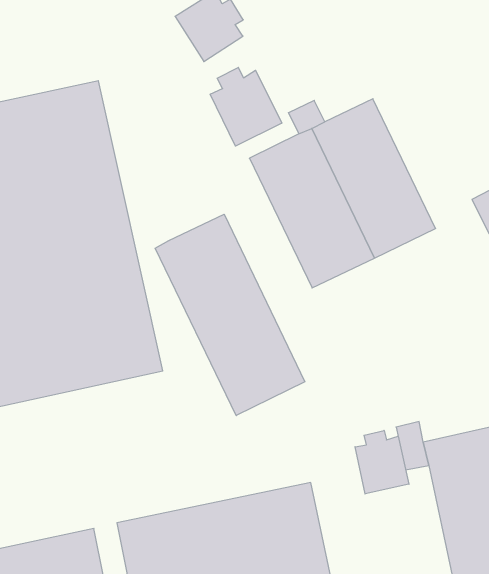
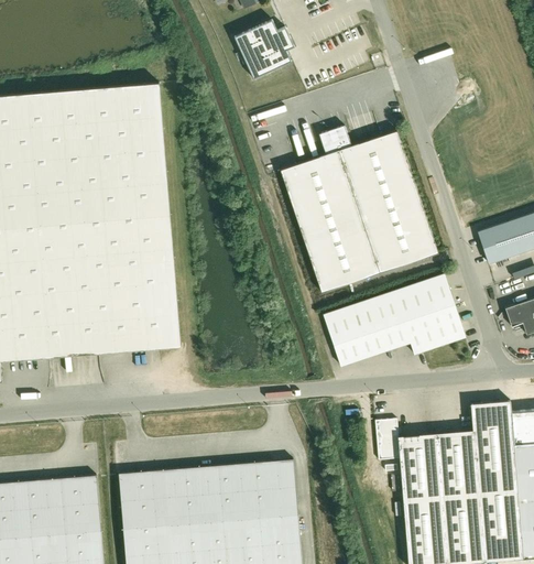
building: [210,67,282,146] -> none
building: [155,214,305,416] -> none
building: none -> [322,273,466,368]
building: [355,430,409,494] -> none

